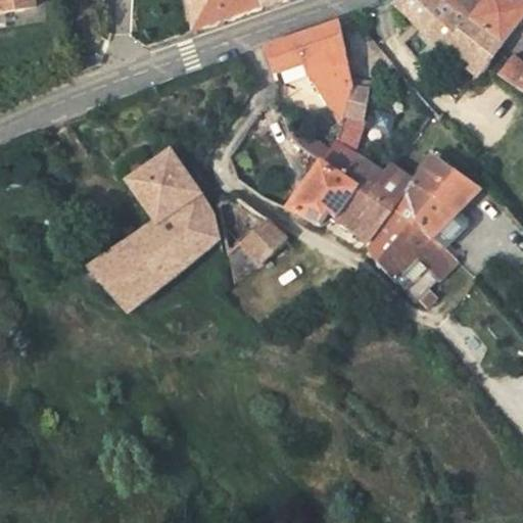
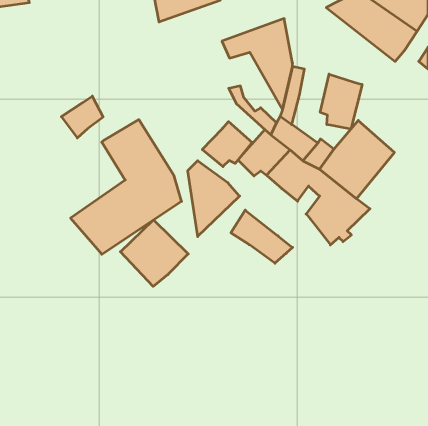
building: none -> [320,74,362,129]
building: none -> [61,96,103,138]
building: none -> [202,122,252,167]
building: none -> [231,210,293,263]
building: none -> [120,220,188,286]

